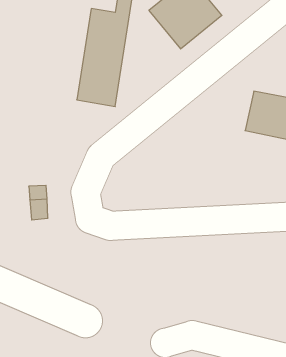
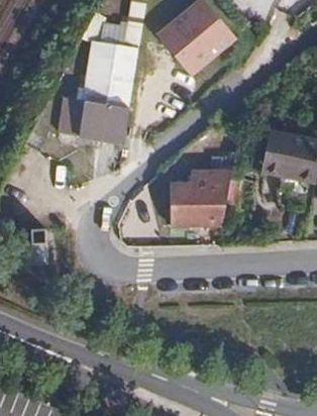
building: none -> [60,41,98,138]
building: none -> [168,172,229,226]

